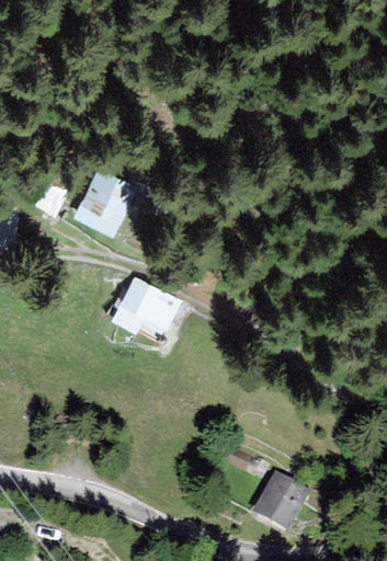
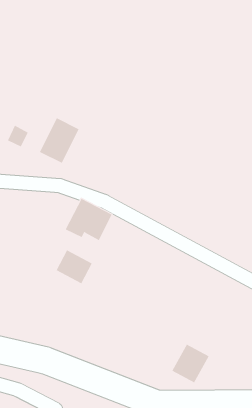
building: none -> [56,249,92,284]

